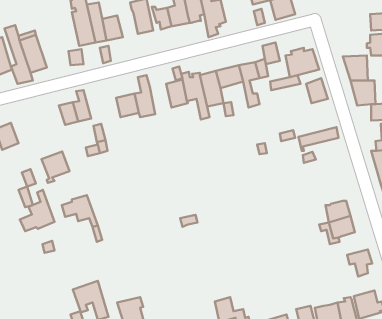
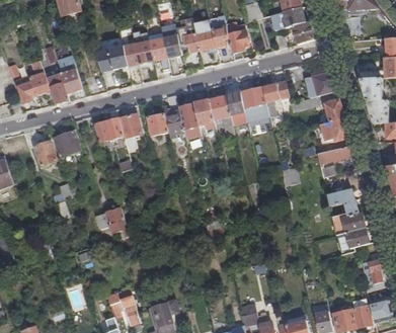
building: none -> [148,33,169,72]
building: none -> [178,103,201,137]
building: none -> [118,113,141,138]
building: none -> [320,117,349,141]
building: [41,152,70,183] -> [54,131,80,160]
building: none -> [326,189,359,216]
building: [20,190,54,231] -> none

